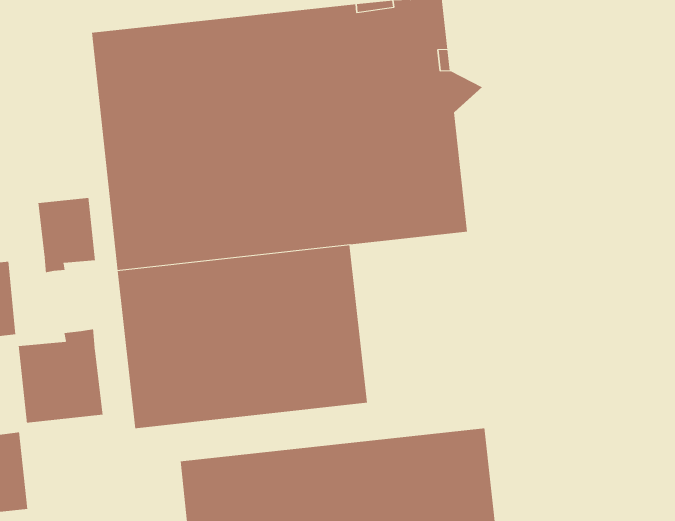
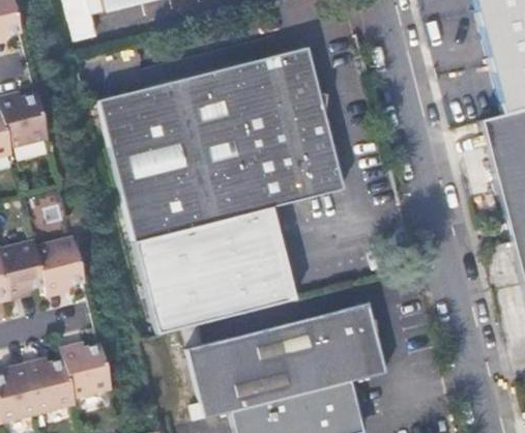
building: [38,197,96,273] -> none
building: [18,328,103,424] -> none

